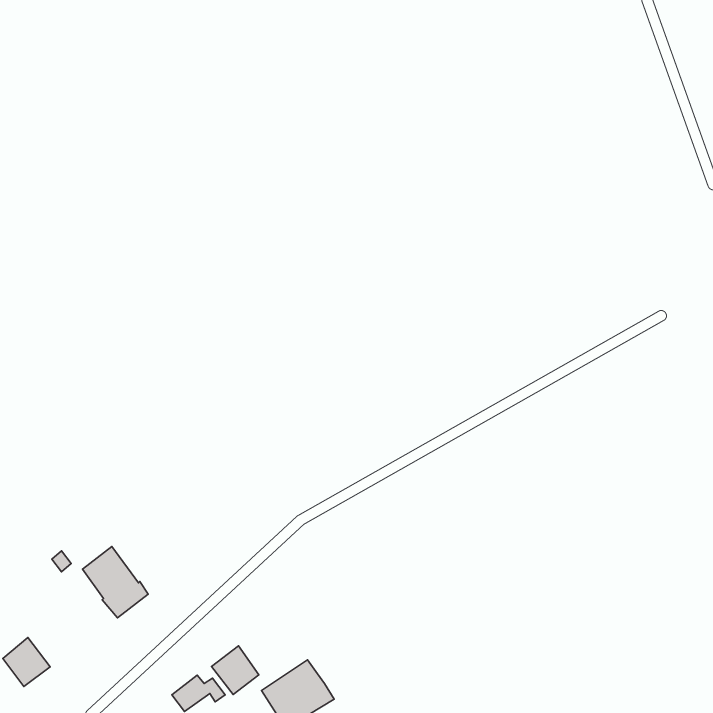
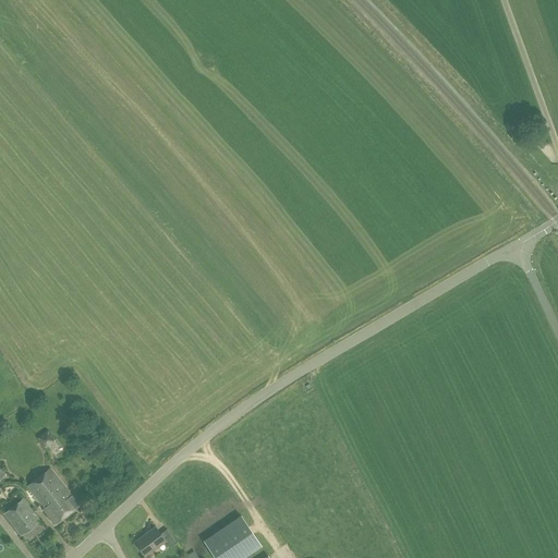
building: [82,547,148,618] -> [26,469,77,524]
building: [211,646,259,694] -> none

